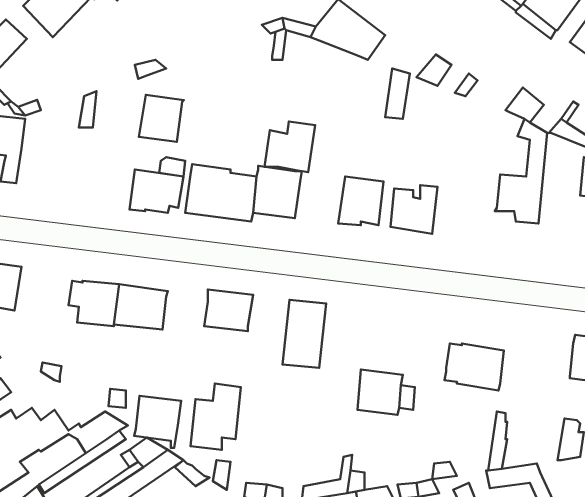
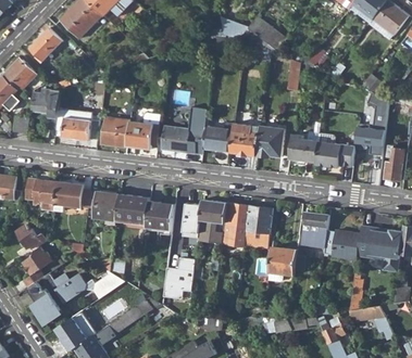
building: [139,95,184,142] -> [101,117,129,146]
building: [265,122,315,172] -> [228,124,260,155]
building: none -> [54,108,90,140]
building: none -> [314,132,354,167]
building: none -> [382,144,403,180]
building: none -> [53,182,89,210]
building: none -> [197,200,225,243]
building: none -> [244,205,272,248]
building: none -> [299,212,327,247]
building: none -> [357,225,402,270]
building: [134,396,181,448] -> [145,201,174,233]

